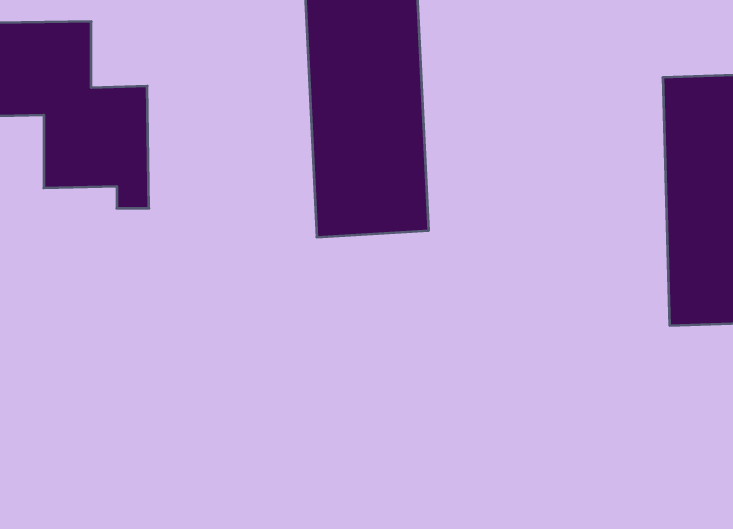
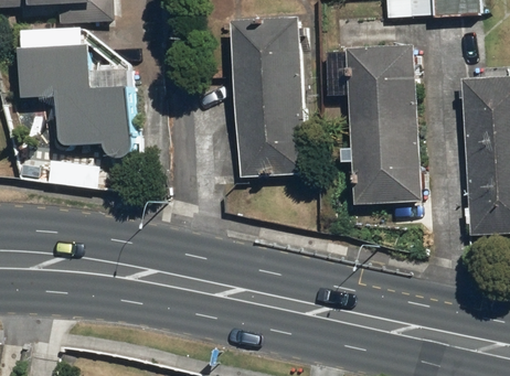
building: none -> [344,42,419,208]

